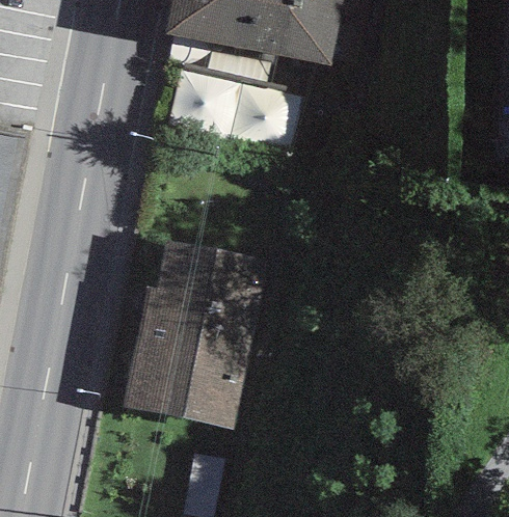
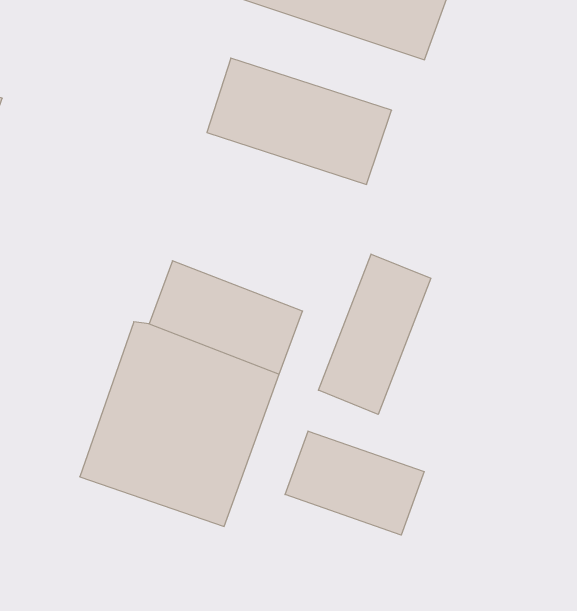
building: none -> [318,254,431,414]
building: none -> [285,431,424,535]

